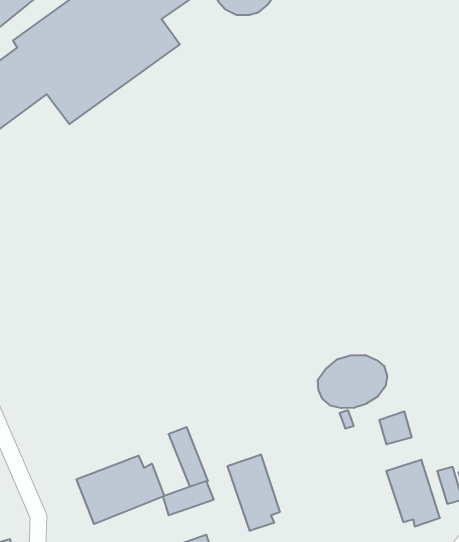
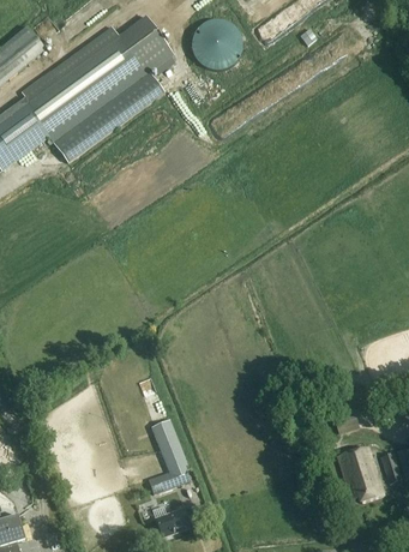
building: [318,355,387,408] -> none
building: [228,454,280,531] -> none
building: [76,456,164,524] -> none

